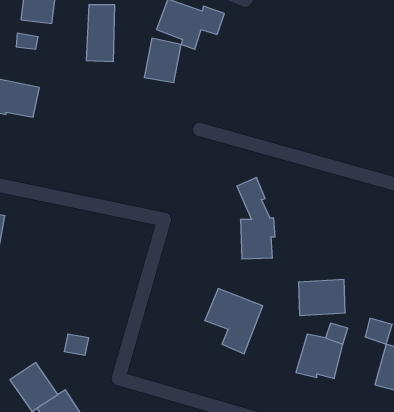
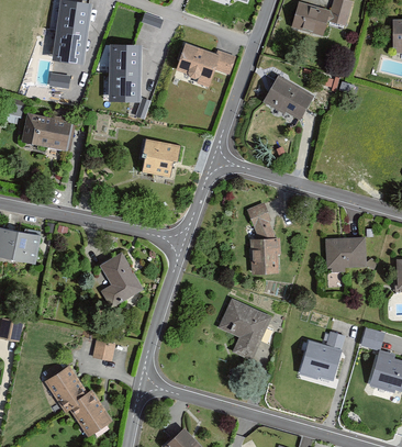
building: none -> [264,77,312,121]
building: [144,38,181,83] -> [143,139,176,179]
building: none -> [100,254,142,306]
building: [298,280,345,315] -> [324,237,366,269]

